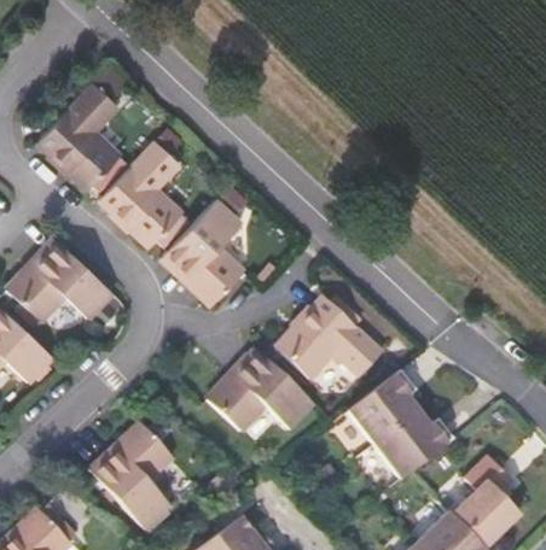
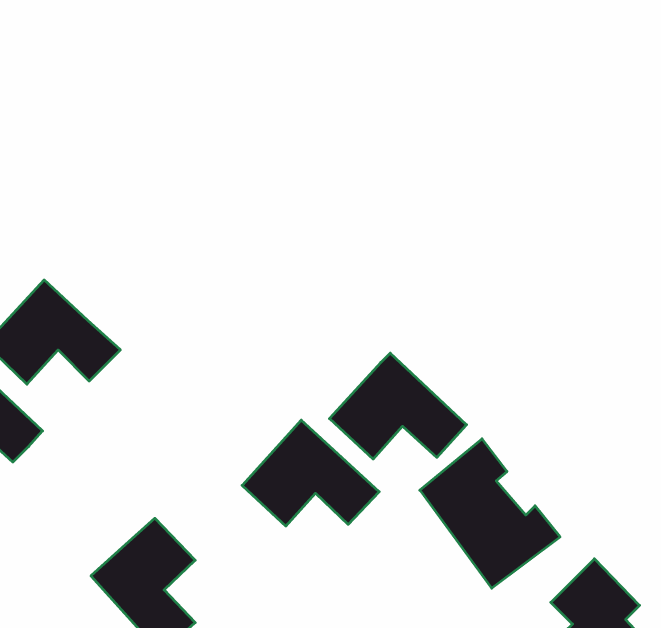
building: [37,83,118,189] -> none
building: [99,140,182,247] -> none
building: [161,198,244,305] -> none

